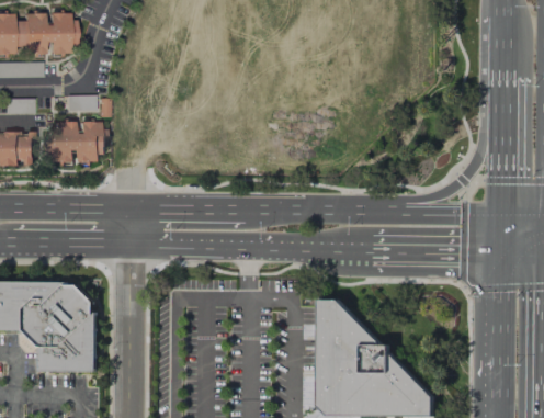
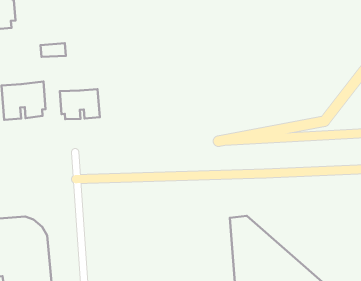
building: [65,95,94,111] -> [40,43,66,57]
building: none -> [60,89,100,119]

